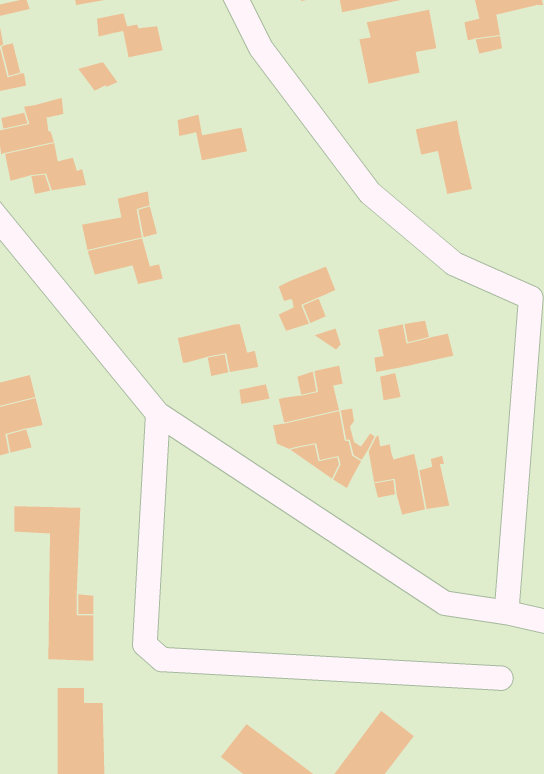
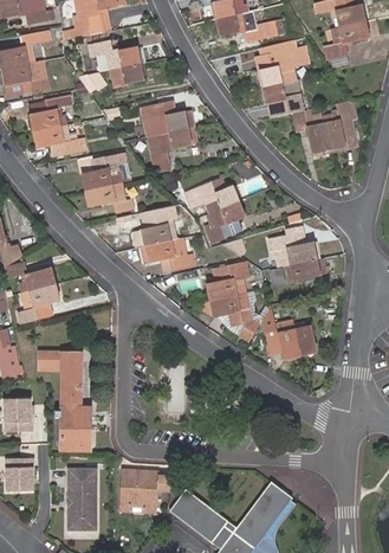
building: none -> [111,63,142,86]
building: none -> [262,78,303,116]
building: none -> [320,101,356,152]
building: none -> [147,127,195,171]
building: none -> [184,182,236,210]
building: none -> [135,207,182,246]
building: none -> [285,257,320,281]
building: none -> [118,468,170,506]

